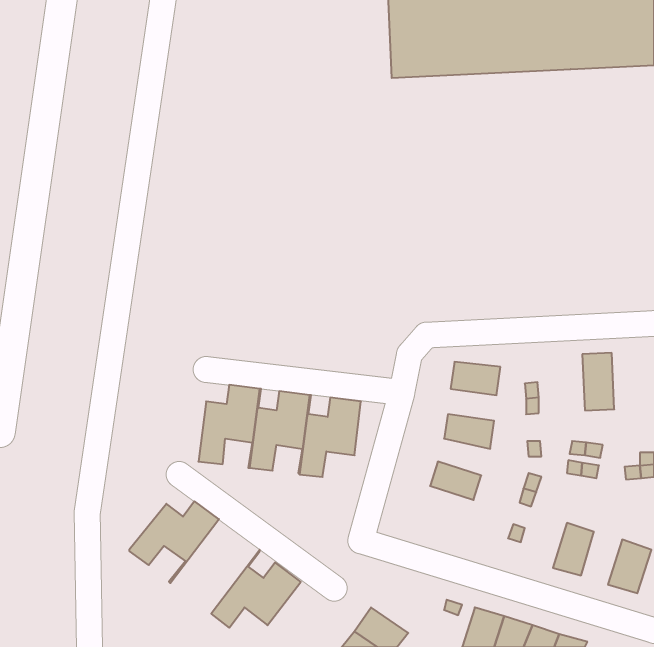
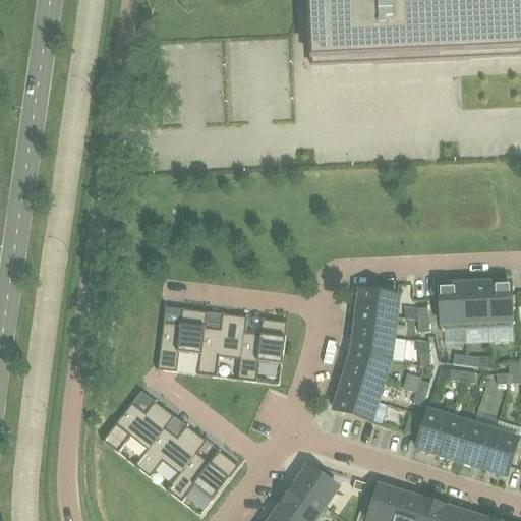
building: none -> [486,280,513,326]
building: none -> [439,282,465,328]
building: none -> [356,309,395,335]
building: none -> [348,349,390,379]
building: none -> [335,387,377,419]
building: none -> [416,409,451,452]
building: none -> [135,413,207,488]
building: none -> [462,423,495,465]
building: none -> [295,464,338,504]

